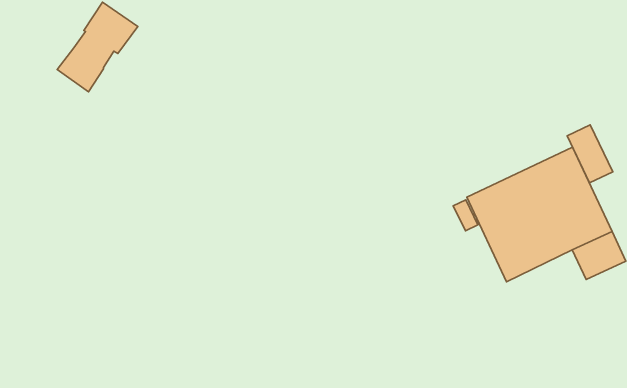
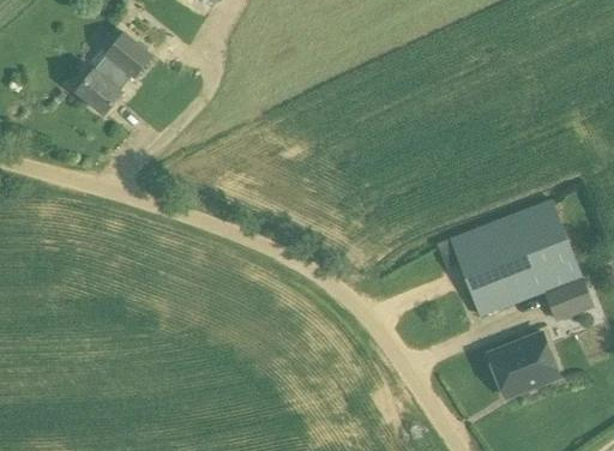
building: [567,125,613,183] -> none
building: none -> [487,332,558,397]

